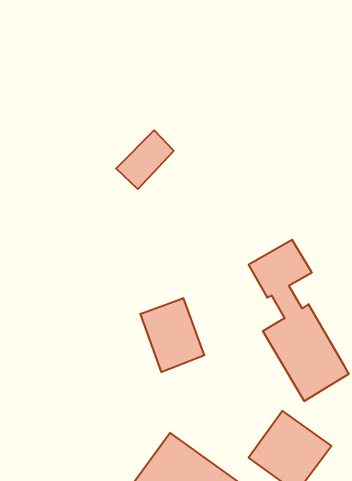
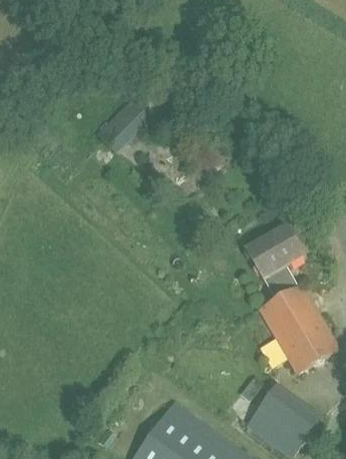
building: [116,130,174,189] -> [96,99,149,153]
building: [140,298,204,372] -> none

